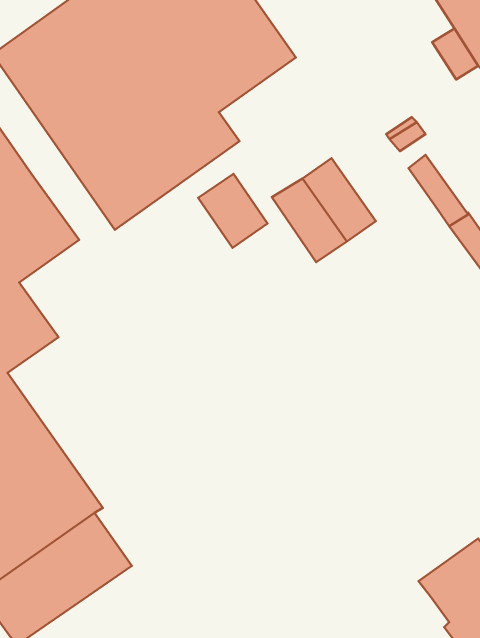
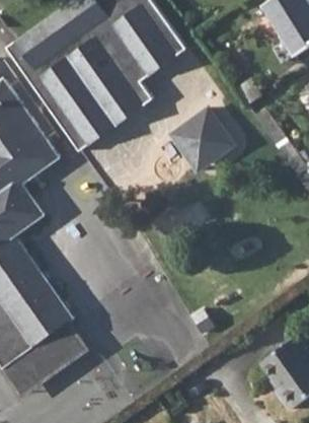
building: [198,174,268,248] -> none

